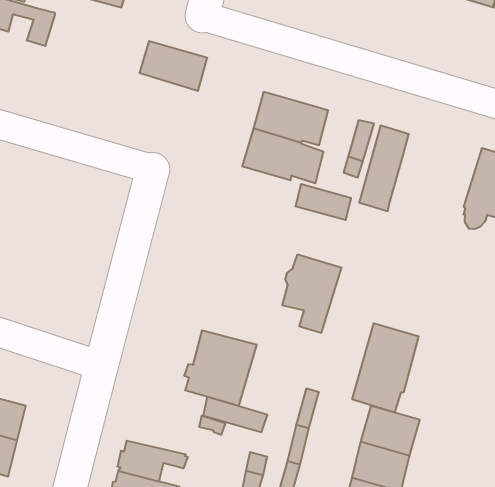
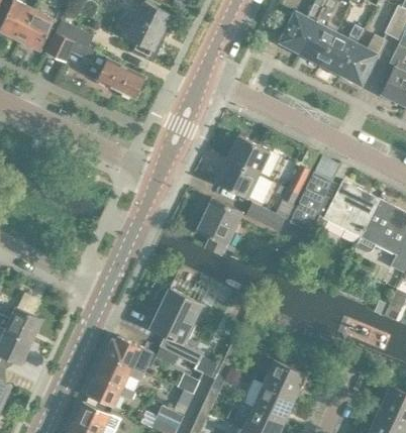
building: [139,41,207,91] -> [97,59,144,98]
building: none -> [310,180,379,236]
building: [282,255,342,333] -> [197,198,241,253]
building: [352,323,419,413] -> none
building: none -> [104,336,151,370]

